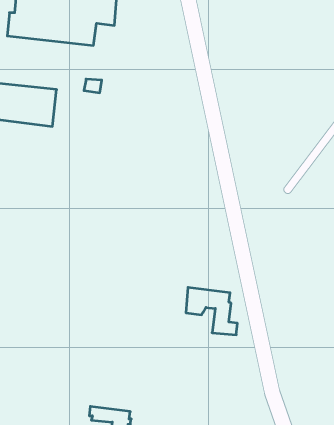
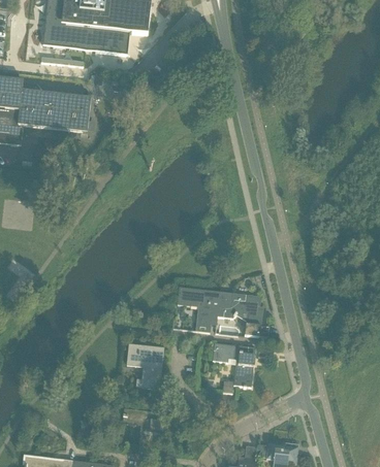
building: none -> [177,287,220,331]
building: none -> [213,342,255,393]
building: none -> [127,343,164,388]

